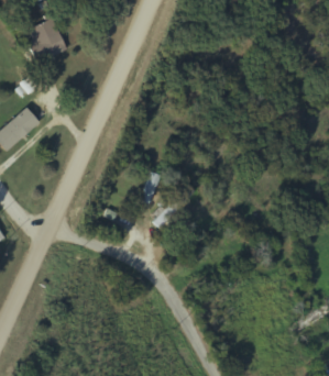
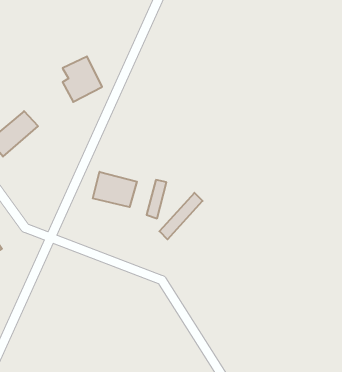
building: [29,19,66,62] -> [63,56,102,102]
building: none -> [93,172,137,207]

